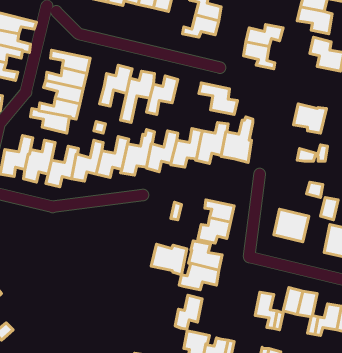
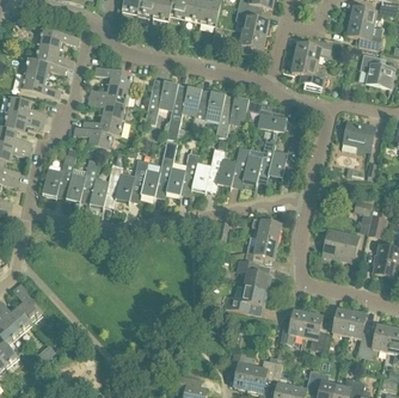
building: none -> [214,97,247,136]
building: [151,244,187,275] -> none
building: [175,295,202,329] -> [280,308,307,343]

